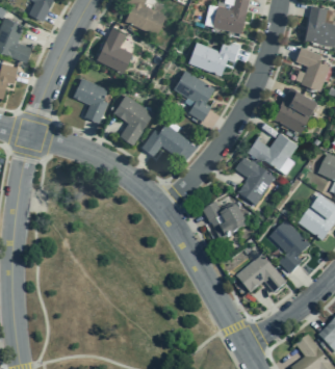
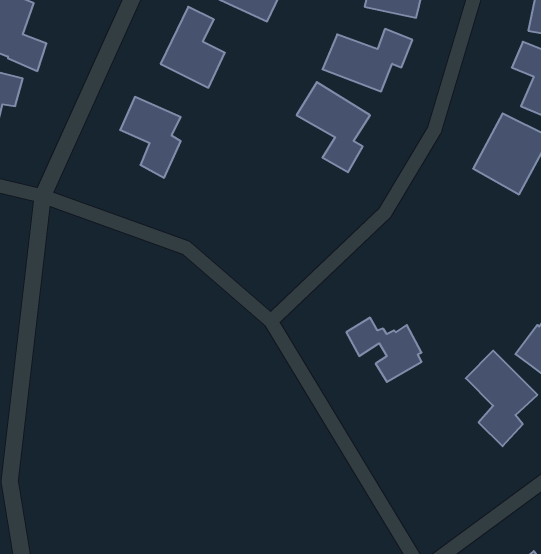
building: [113,95,154,144] -> none
building: [141,124,188,157] -> none
building: [248,132,299,174] -> none
building: [235,157,274,206] -> none
building: [235,255,286,294] -> none

